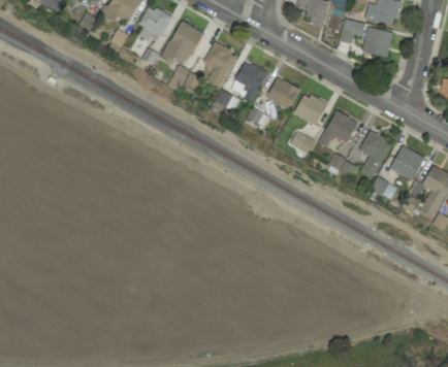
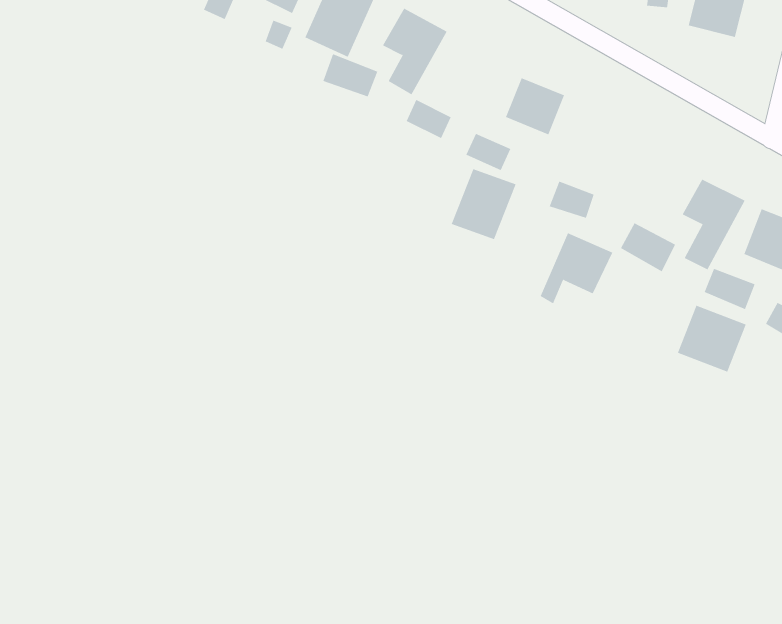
building: [231,63,265,100] -> [451,168,516,240]
building: [294,93,327,125] -> none
building: [320,110,358,147] -> [540,233,613,304]
building: none -> [677,305,746,373]

